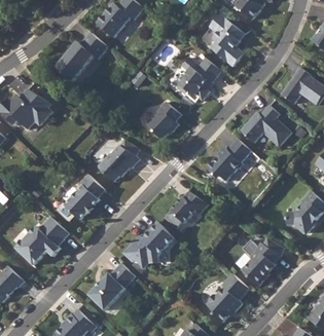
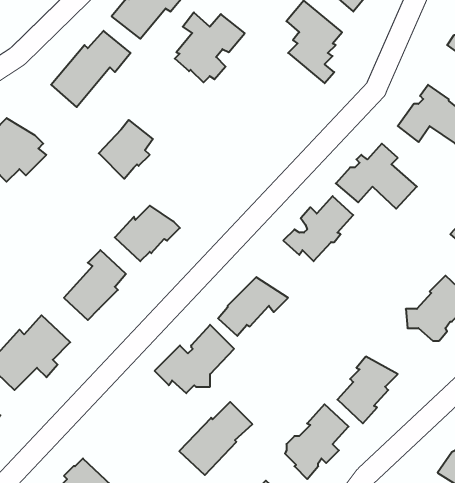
building: [177,58,222,103] -> [175,12,245,82]
building: [146,103,181,141] -> [99,120,153,179]
building: [88,263,136,310] -> [179,402,252,475]

